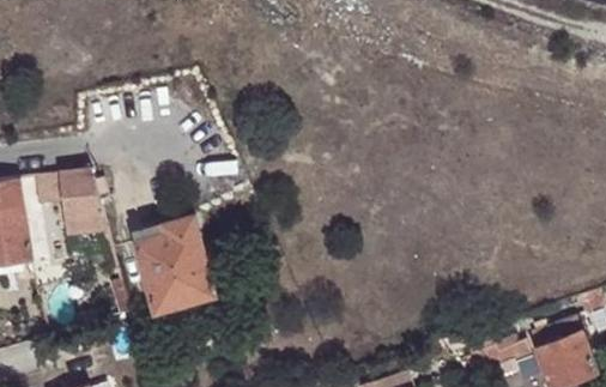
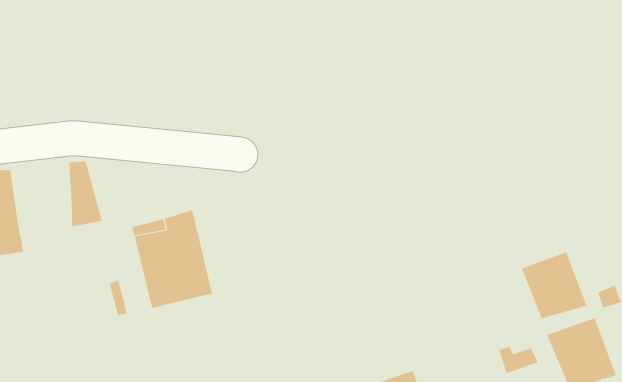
building: [34,171,77,234] -> none
building: none -> [521,251,587,319]

